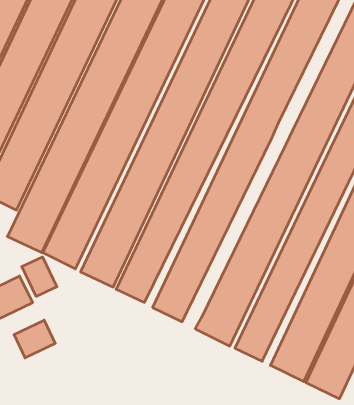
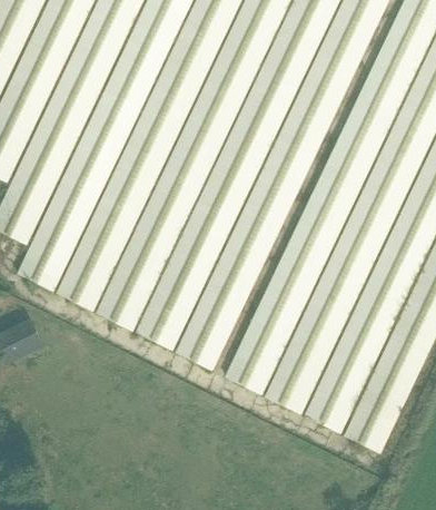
building: [22,257,57,296] -> none
building: [14,320,55,358] -> none

